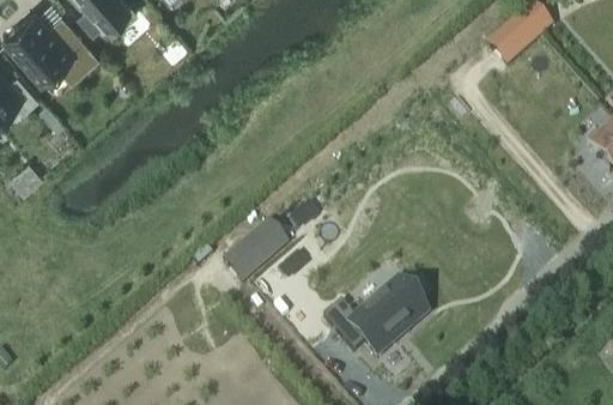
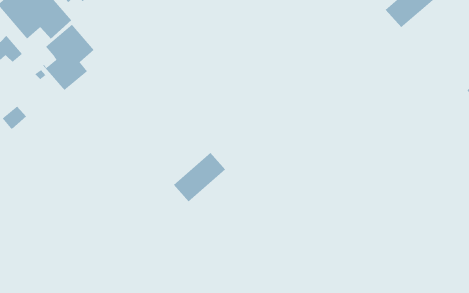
building: none -> [42,24,95,91]
building: [320,284,424,359] -> none

